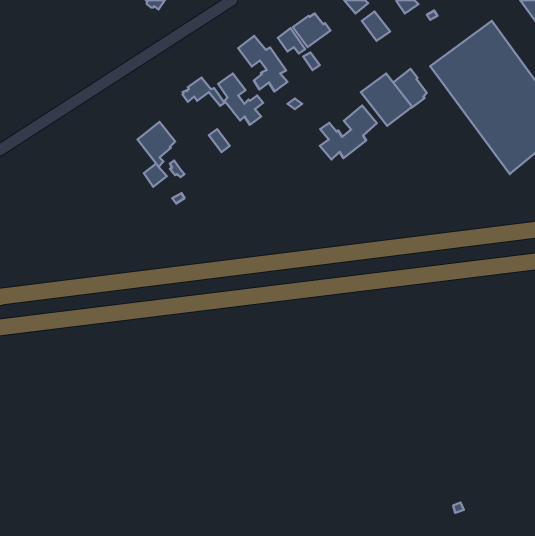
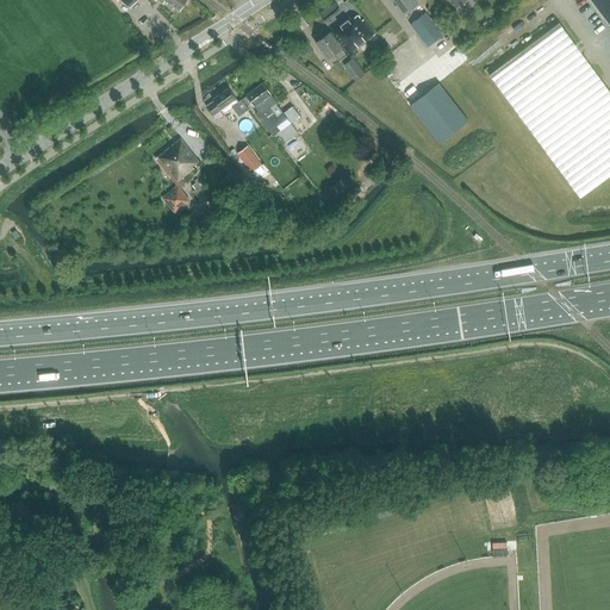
building: [238,36,287,91] -> none
building: [393,69,427,107] -> none
building: [320,106,377,160] -> none

